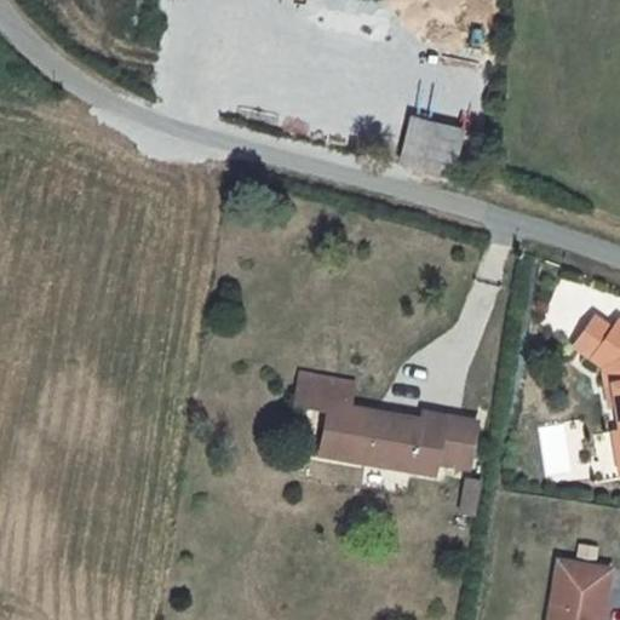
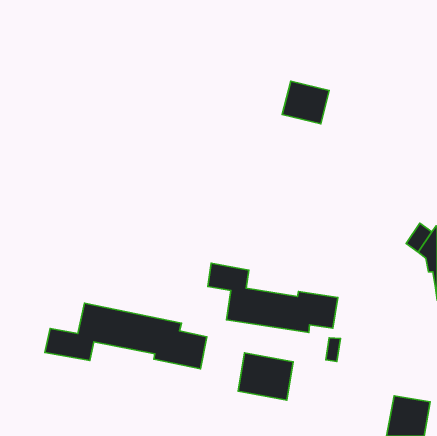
building: none -> [45,303,207,369]
building: none -> [238,353,293,400]

